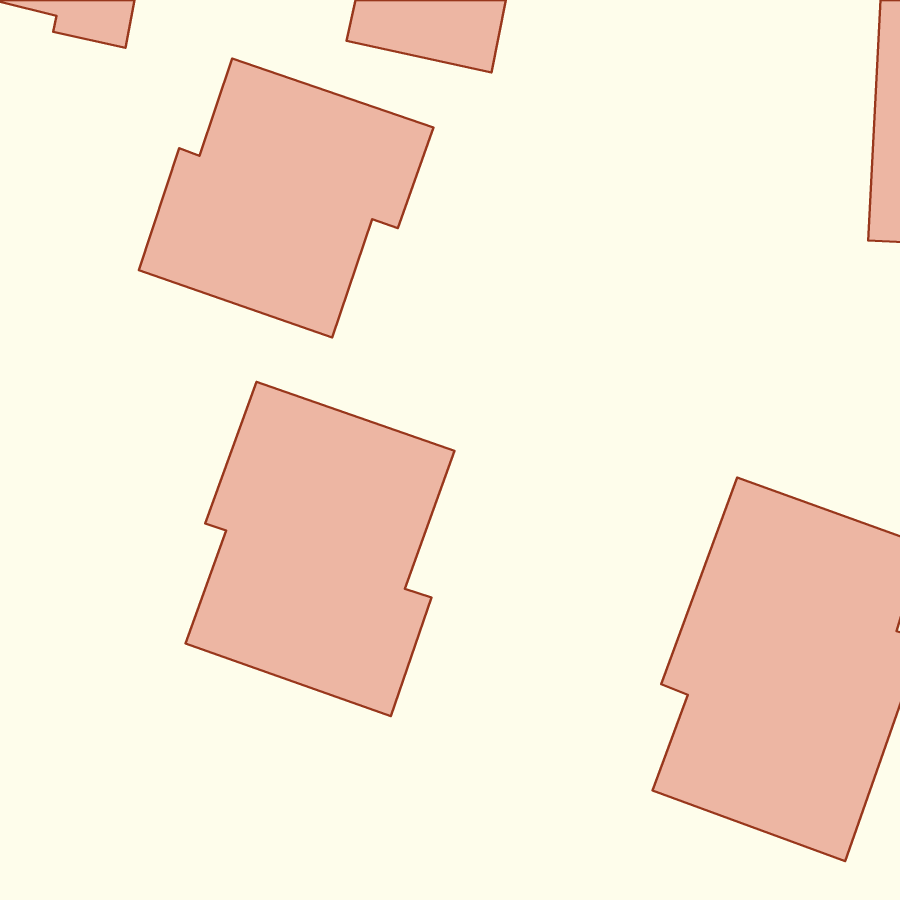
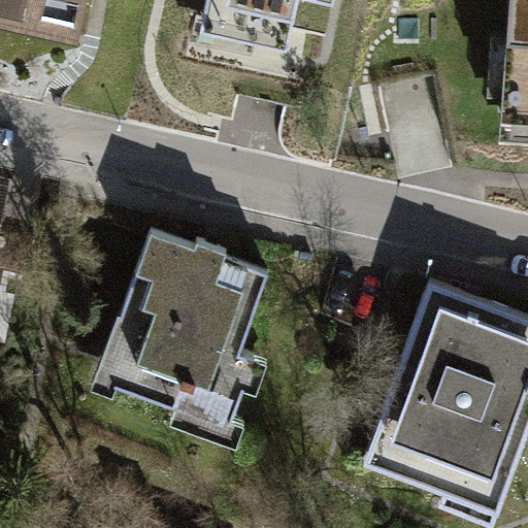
building: [139,59,433,337] -> none

